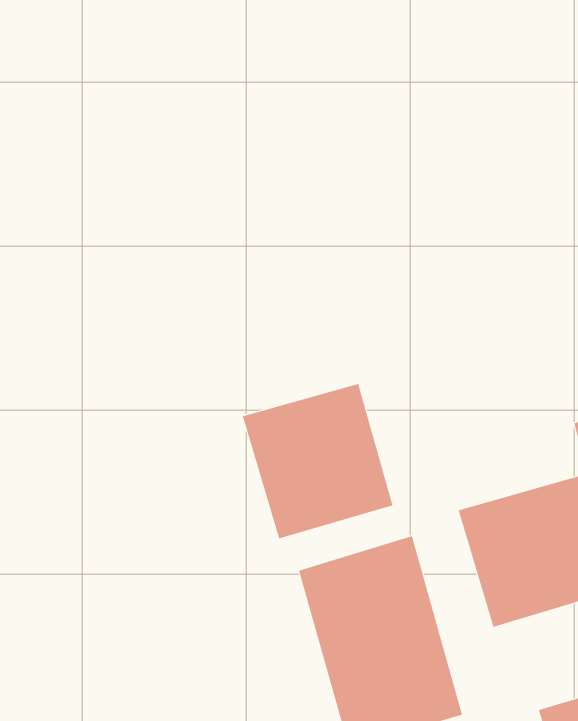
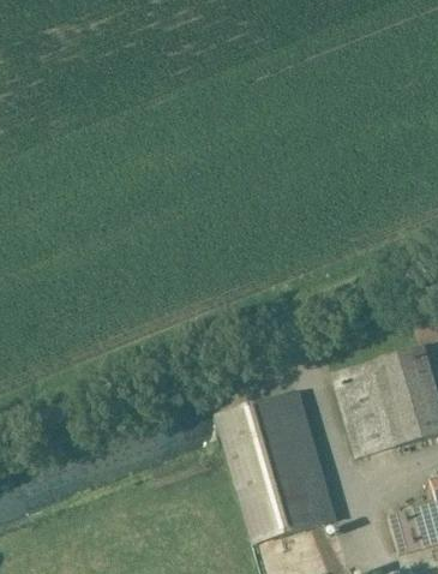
building: [242,383,393,539] -> none

